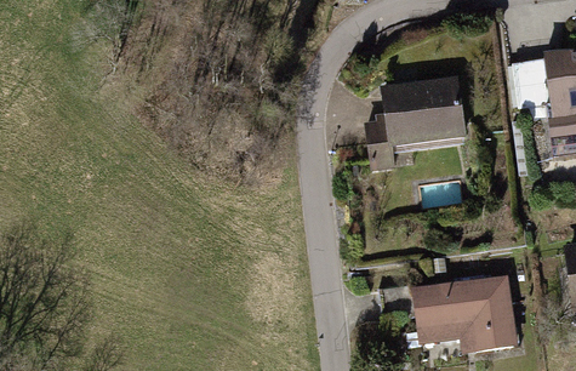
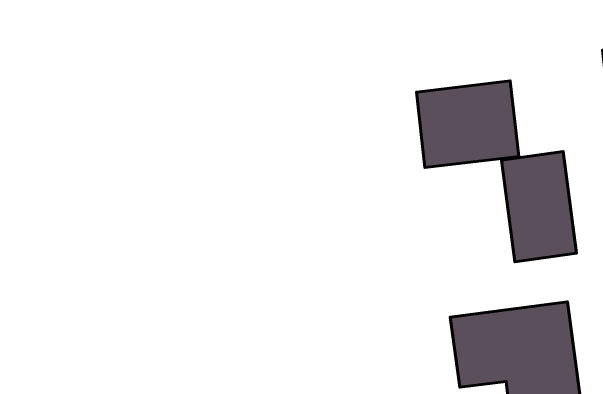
building: none -> [501,151,576,262]

